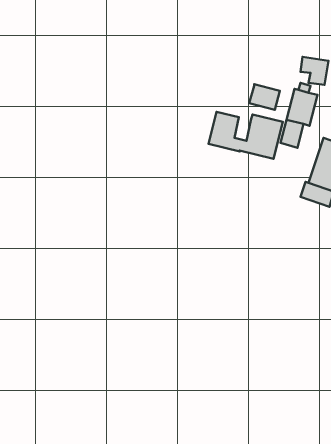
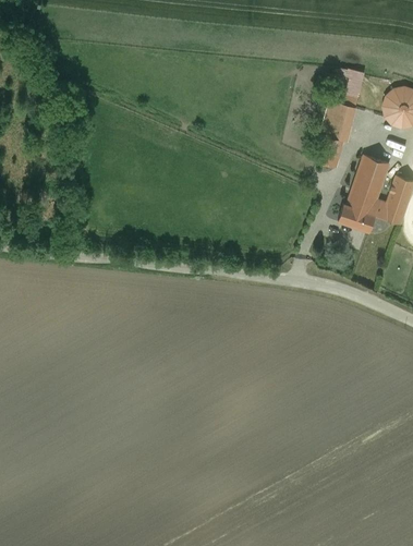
building: [249,84,280,110] -> none
building: [209,112,283,159] -> none

